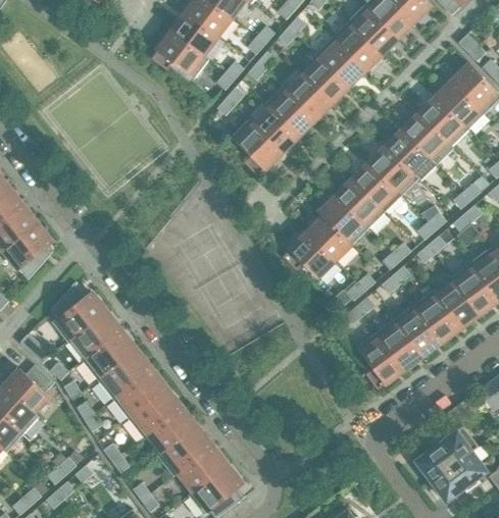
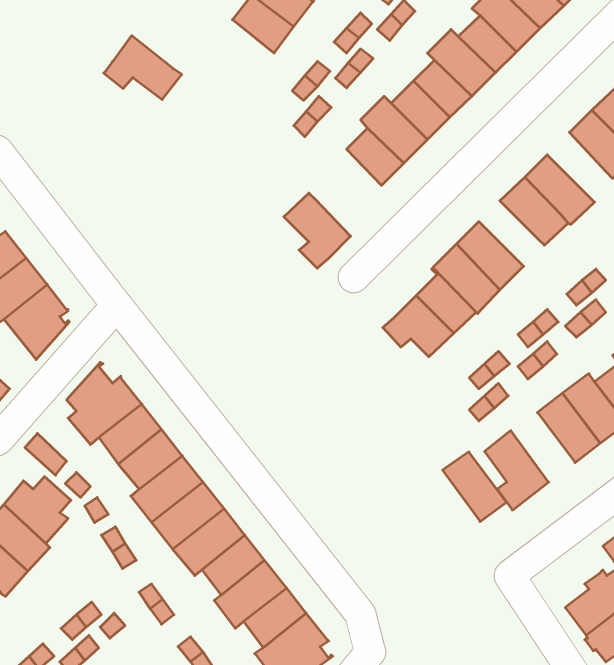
building: [152,30,209,76] -> [104,36,182,100]
building: [403,112,446,156] -> none
building: [233,119,282,174] -> [284,193,351,268]
building: [353,162,401,210] -> none
building: [377,317,423,368] -> [443,452,507,522]

